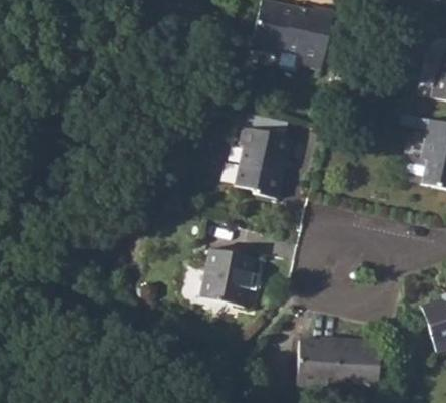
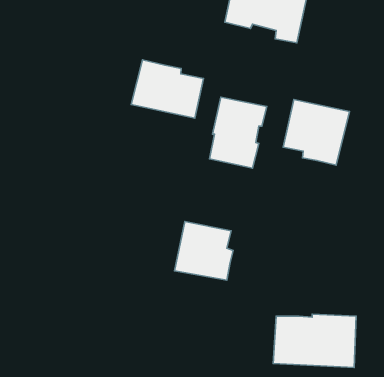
building: none -> [131,60,204,118]
building: none -> [283,100,350,165]

